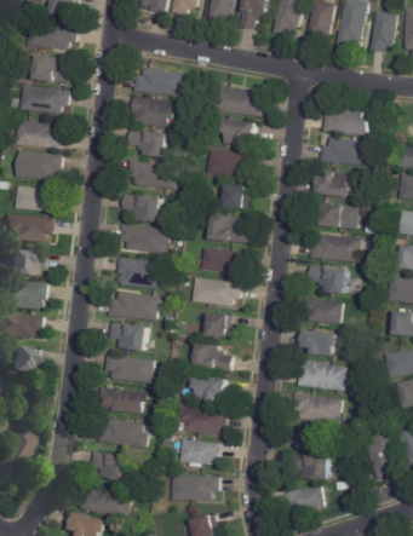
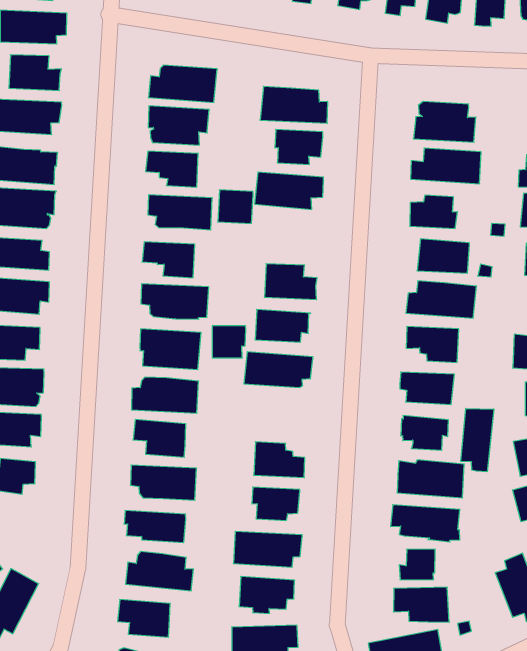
building: [222,183,248,208] -> [218,190,253,223]
building: [206,312,231,336] -> [212,326,246,358]
building: none -> [461,408,494,472]

